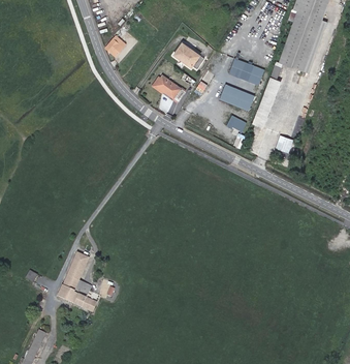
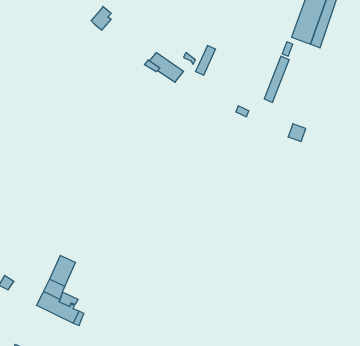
building: [172,42,203,68] -> none
building: [229,52,264,84] -> none
building: [219,84,254,111] -> none

